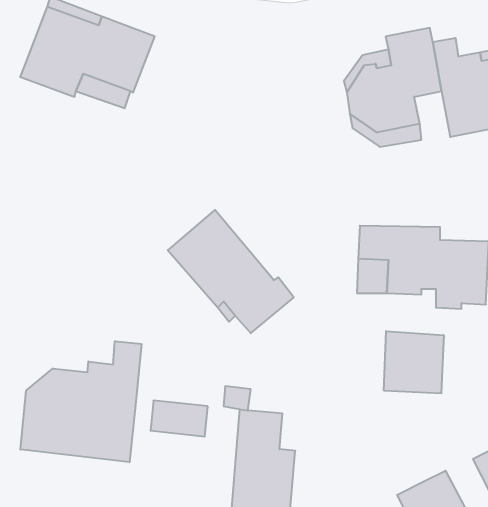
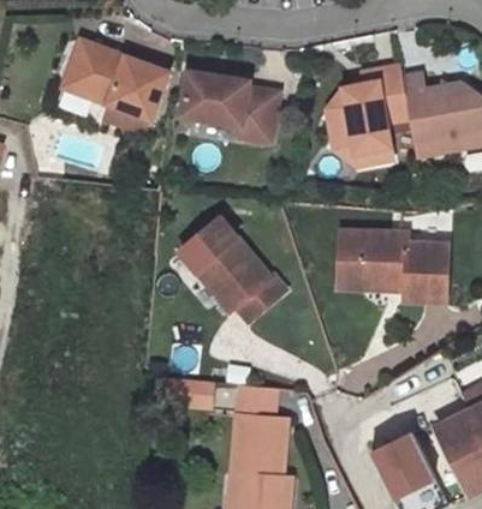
building: none -> [182,71,279,142]
building: [384,331,444,393] -> none
building: [20,341,141,462] -> none

